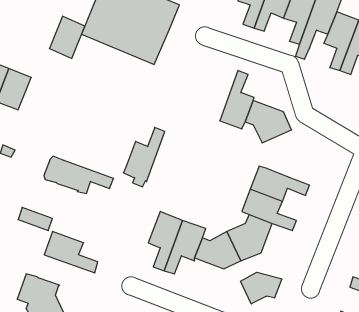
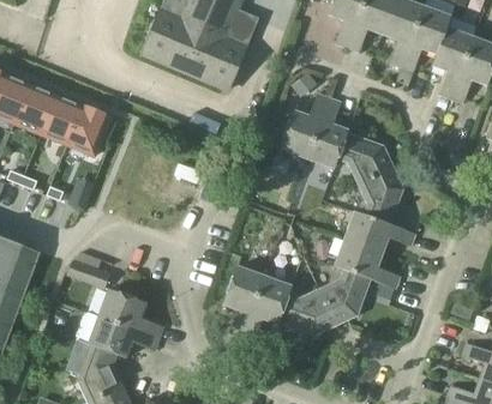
building: [49,16,85,58] -> [67,105,109,156]
building: [123,127,165,187] -> [280,92,329,163]
building: none -> [358,168,402,224]
building: [44,156,114,193] -> [76,312,158,356]
building: [240,272,282,304] -> none

